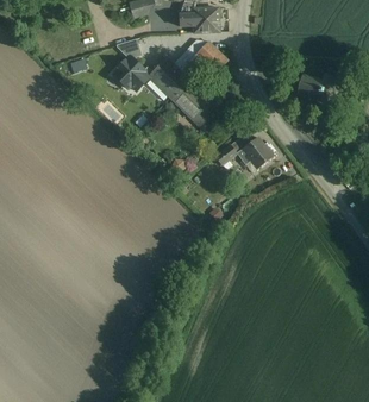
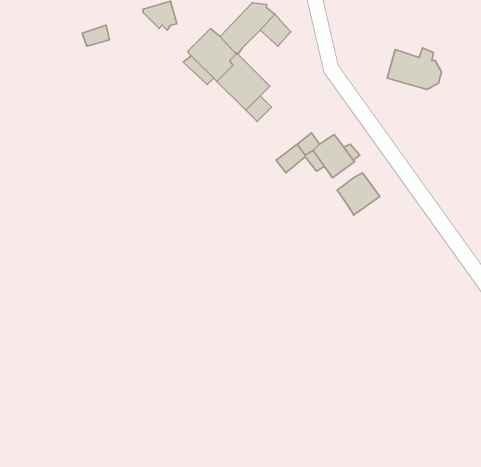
building: [114,57,154,92] -> none
building: none -> [337,173,380,215]

